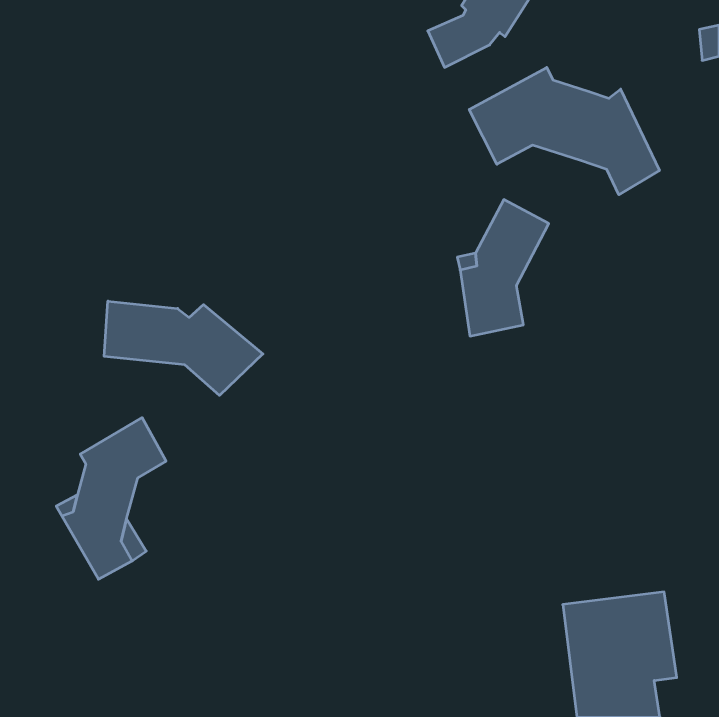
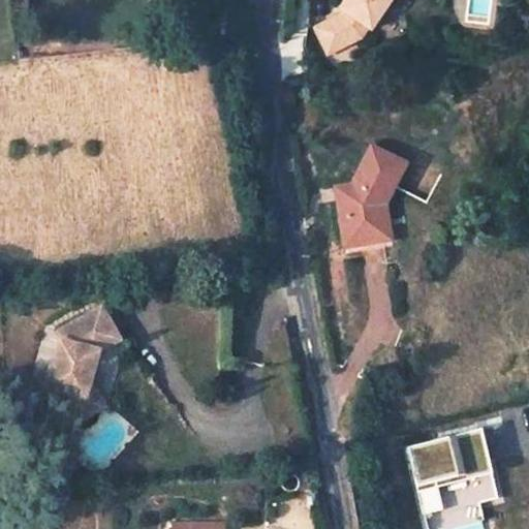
building: [469,67,659,195] -> none
building: [104,301,263,395] -> none

